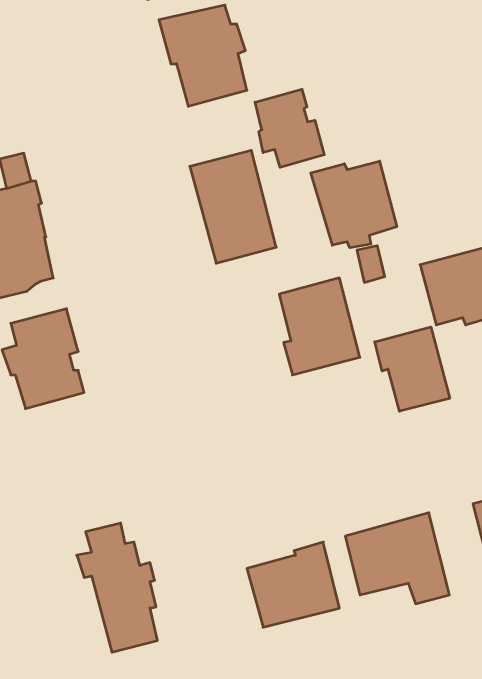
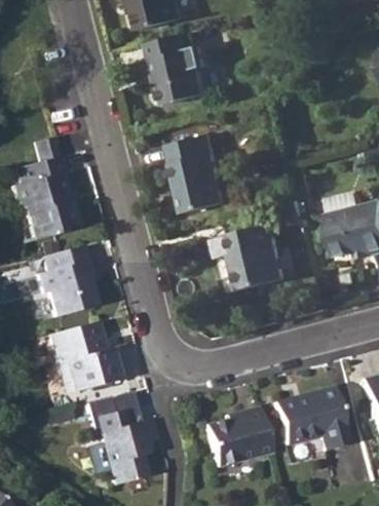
building: [255,89,324,167] -> none
building: [311,161,397,248] -> none
building: [375,327,450,411] -> none
building: none -> [47,322,116,389]

